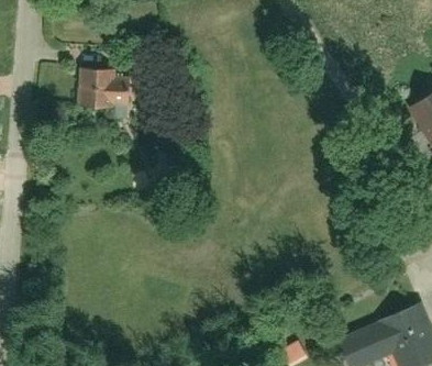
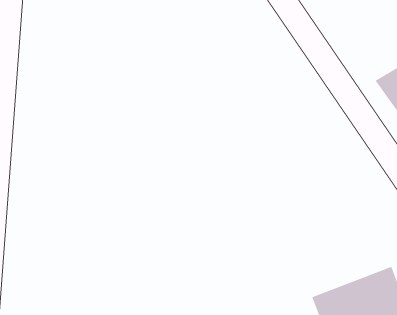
building: [79,67,131,103] -> none

